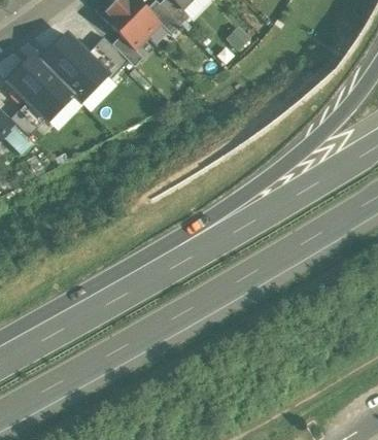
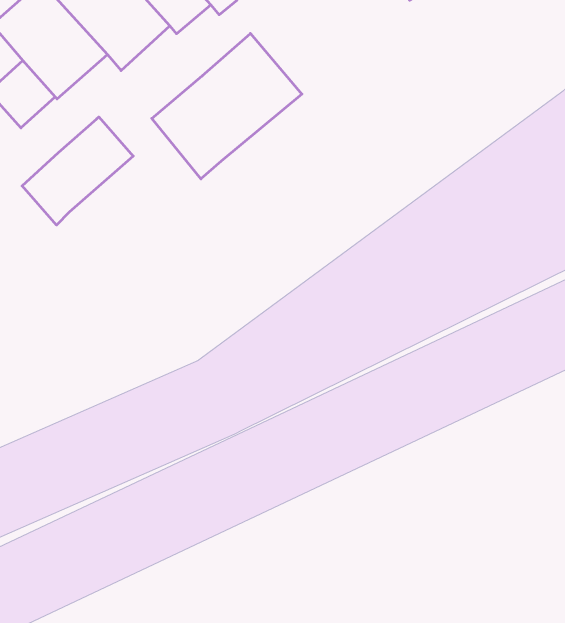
building: none -> [152,33,302,179]
building: none -> [22,117,133,225]

